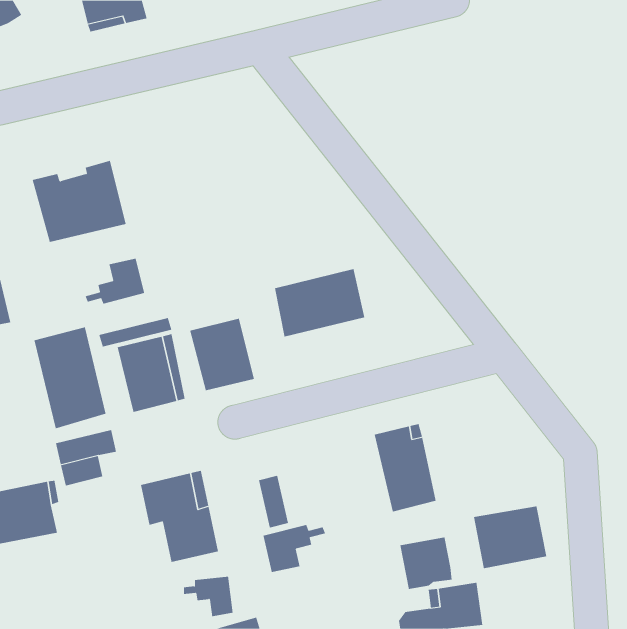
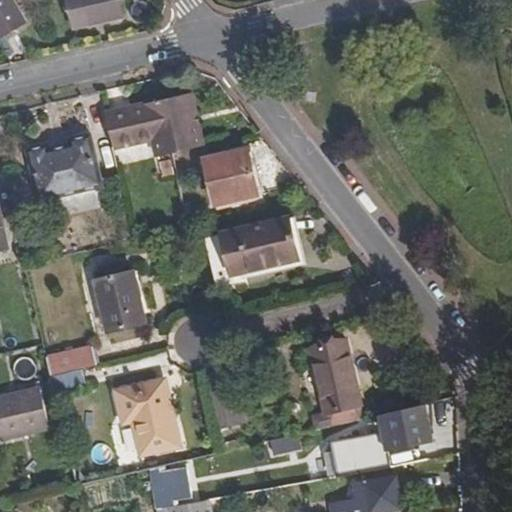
building: none -> [104,92,201,157]
building: none -> [201,148,254,203]
building: [85,258,145,305] -> none
building: [189,318,254,391] -> none
building: [34,326,106,429] -> none
building: [263,524,326,573] -> none

